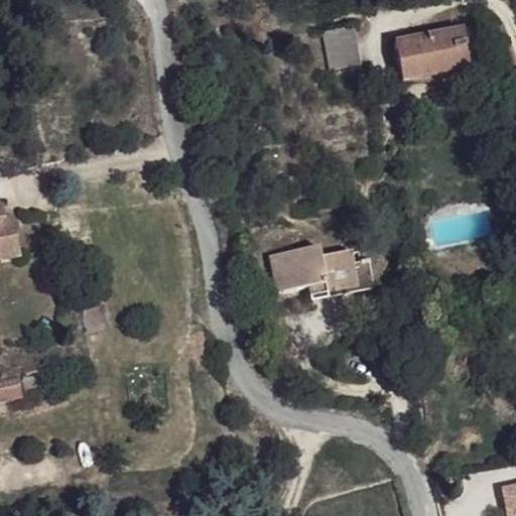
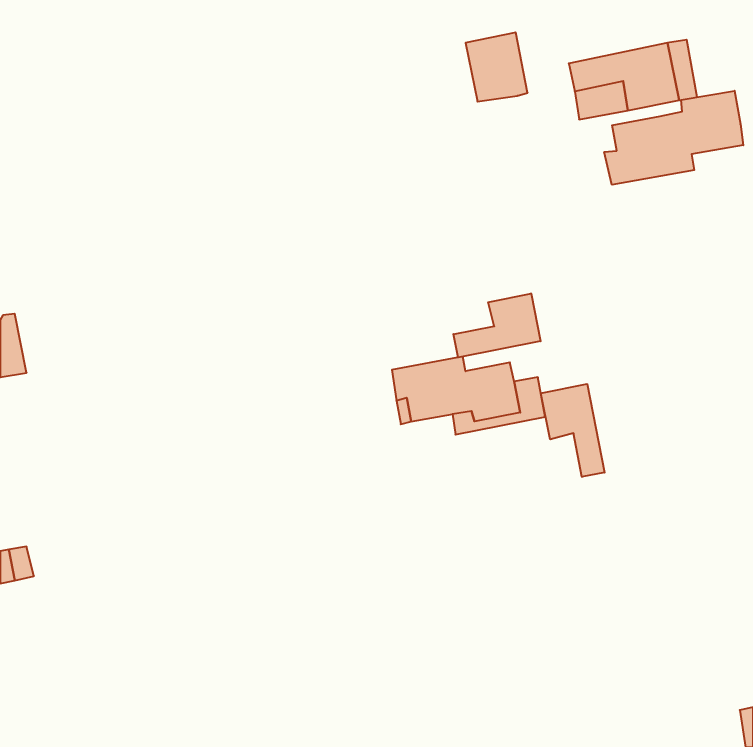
building: none -> [604,91,743,185]
building: none -> [453,293,541,357]
building: none -> [541,384,605,477]

